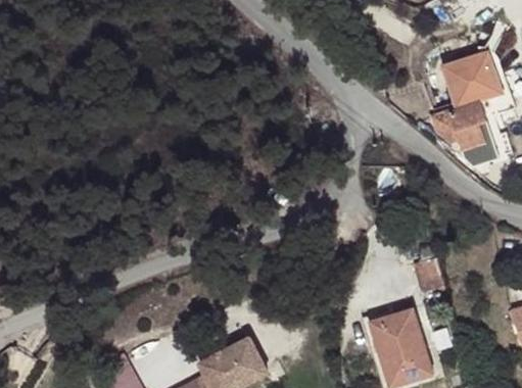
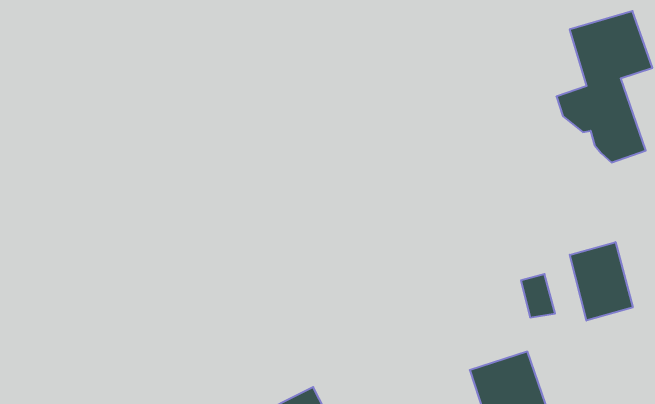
building: none -> [570,242,633,321]

